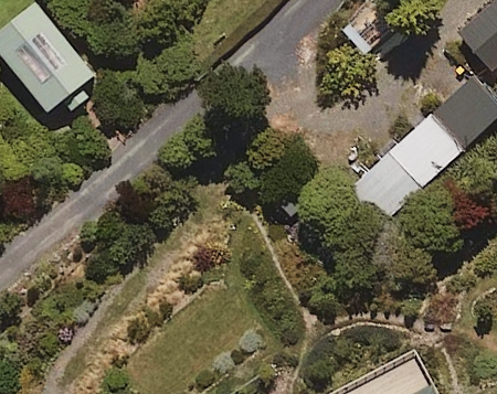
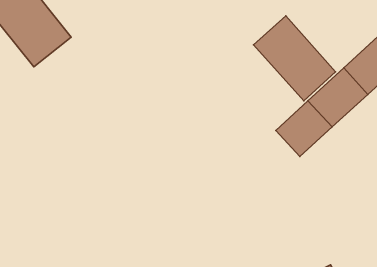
building: none -> [253,16,336,101]

